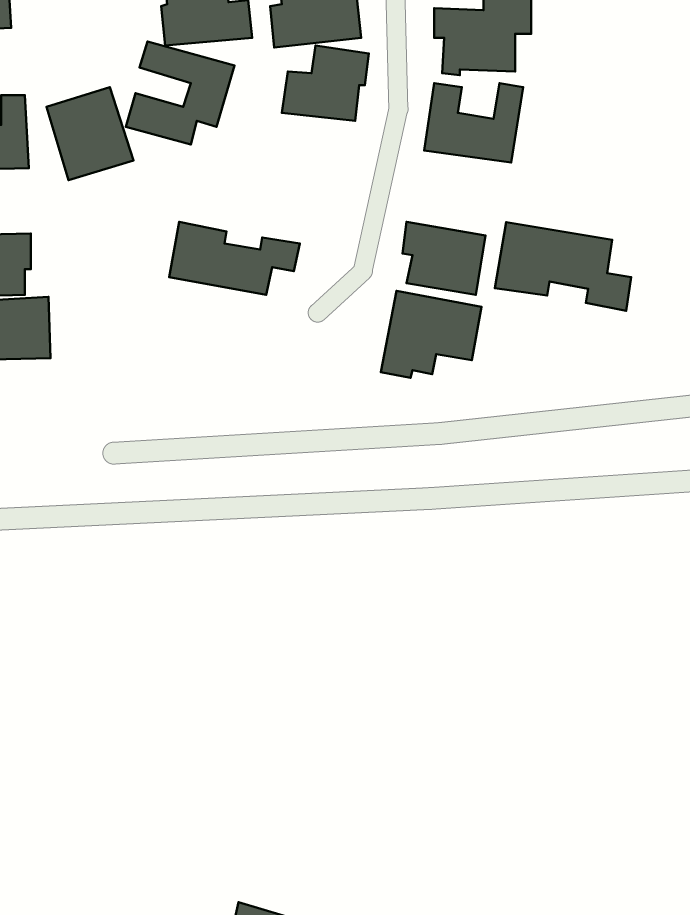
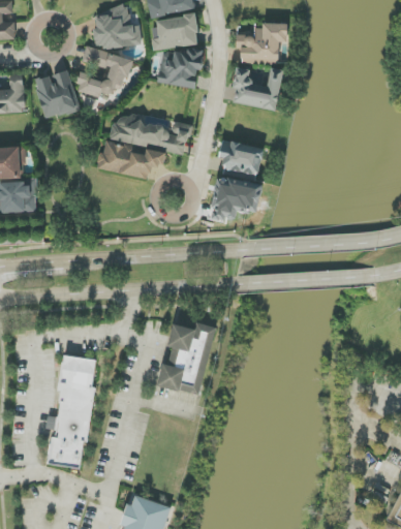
building: none -> [111,116,190,154]
building: [495,222,631,311] -> none
building: none -> [157,322,216,396]
building: none -> [51,355,96,469]

